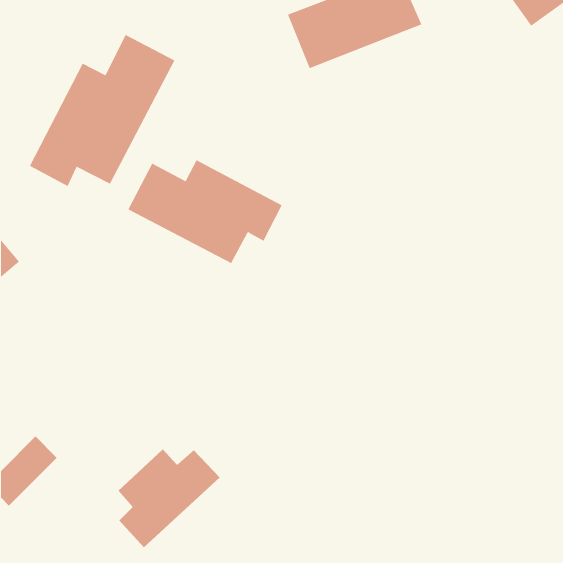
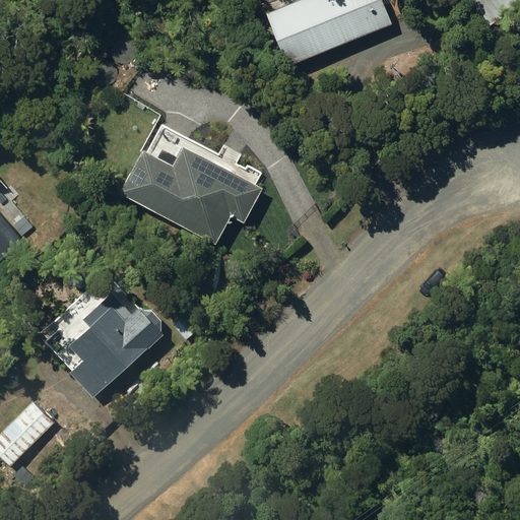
building: [29,34,175,187] -> none
building: [117,449,220,548] -> [70,306,165,397]

